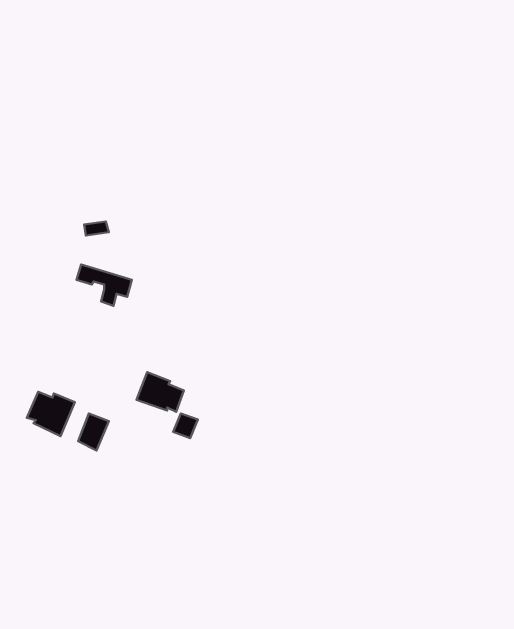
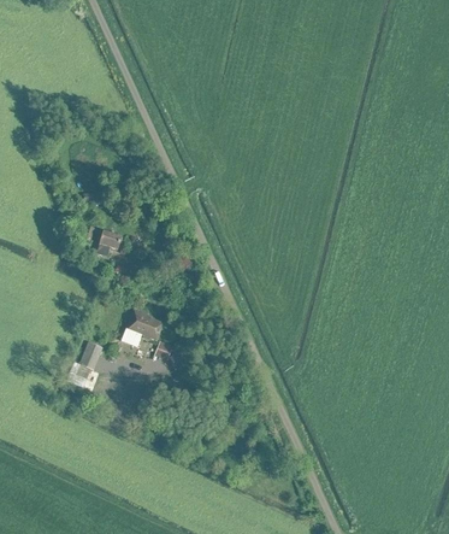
building: [27,392,75,436] -> none

